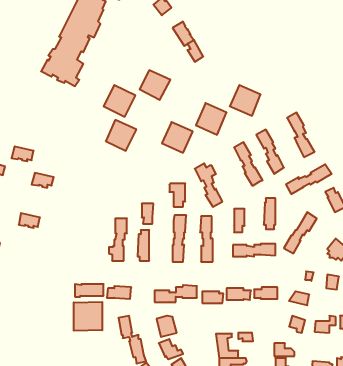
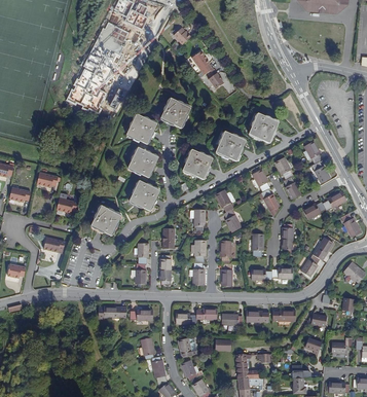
building: none -> [130,180,160,211]
building: none -> [91,206,121,234]
building: [74,302,102,331] -> none

